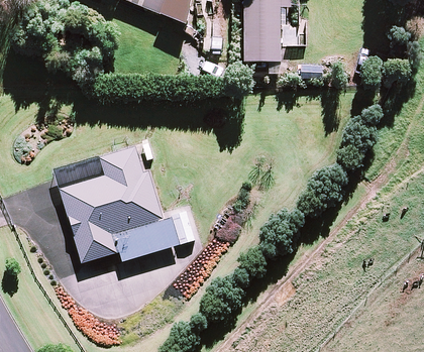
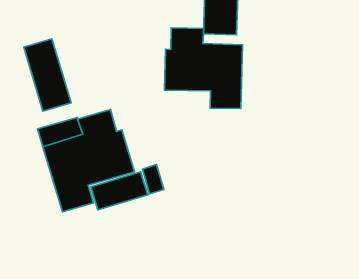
building: none -> [165,28,243,109]
building: none -> [24,39,71,111]

